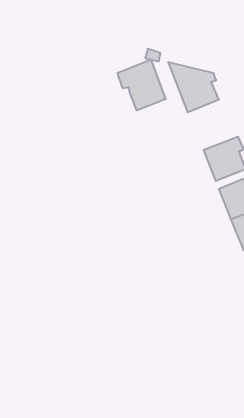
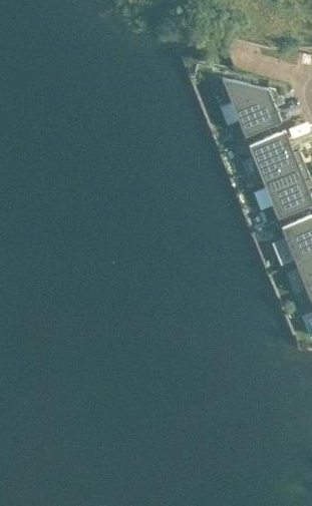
building: [118,59,166,110] -> none
building: none -> [247,132,303,182]

